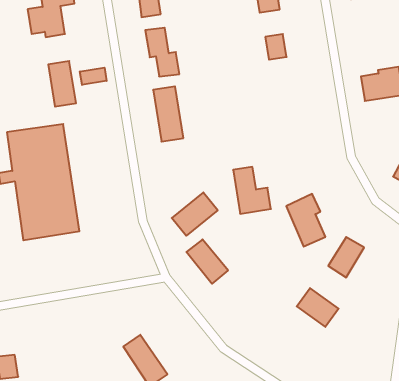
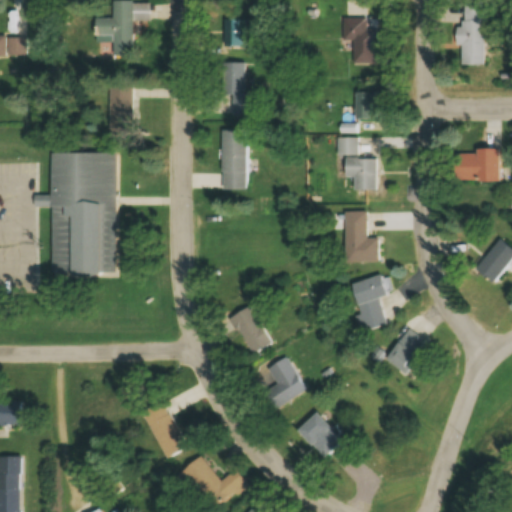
building: [80,68,107,85] -> none
building: none -> [338,137,359,154]
building: none -> [346,158,376,189]
building: [233,167,271,214] -> [343,211,378,261]
building: [172,192,218,236] -> none
building: none -> [263,357,307,409]
building: [297,288,339,327] -> [297,412,343,458]

